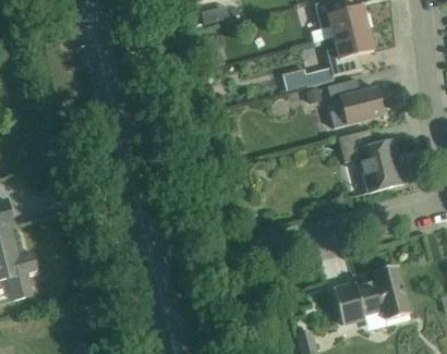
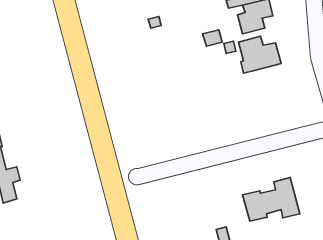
building: [338,127,403,192] -> none

